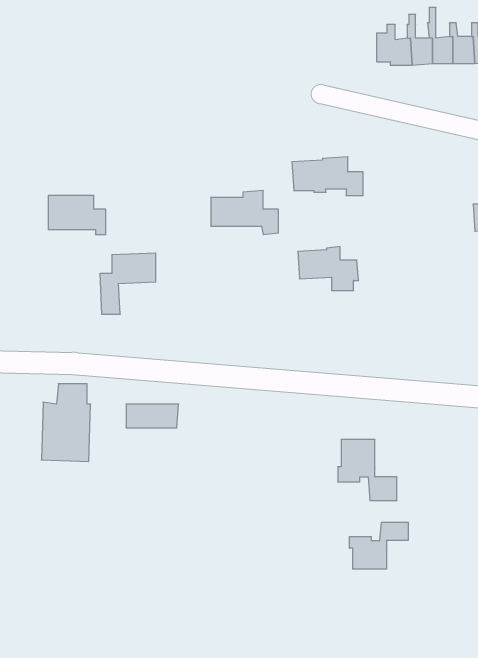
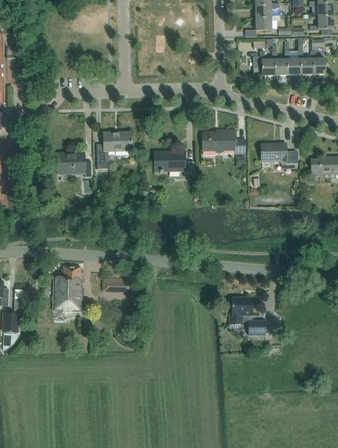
building: [298,247,359,291] -> [261,142,298,168]
building: [100,253,156,314] -> [97,131,131,168]
building: [349,522,408,569] -> none

